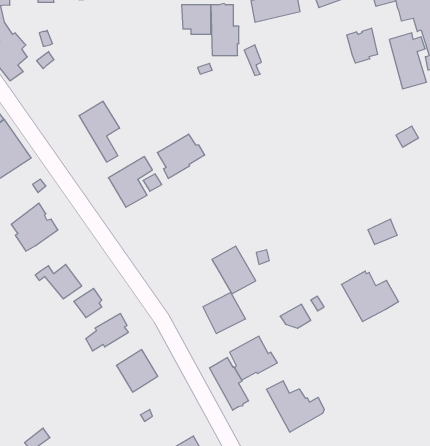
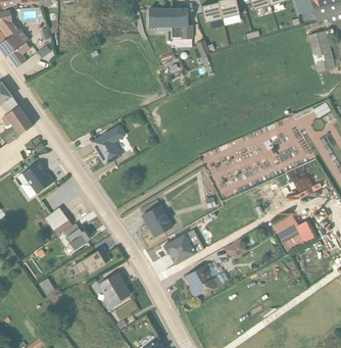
building: [347,28,378,63] -> none
building: [79,101,120,162] -> none
building: [157,134,205,179] -> none
building: [212,246,256,294] -> [139,199,173,236]
building: [210,357,249,410] -> none
building: [266,381,324,432] -> none

